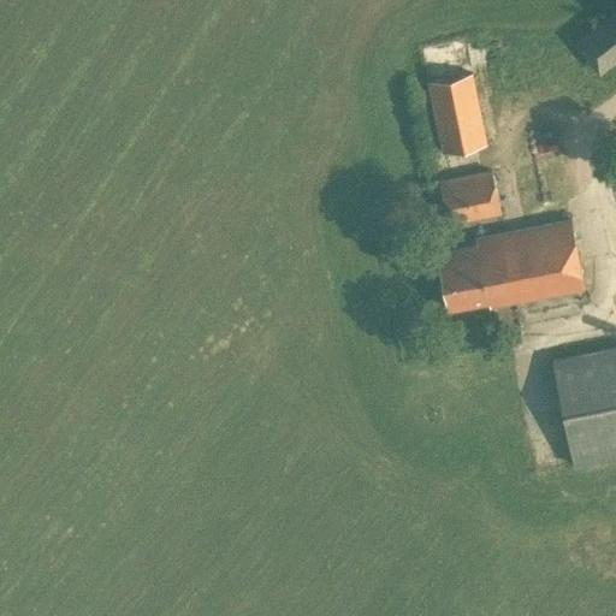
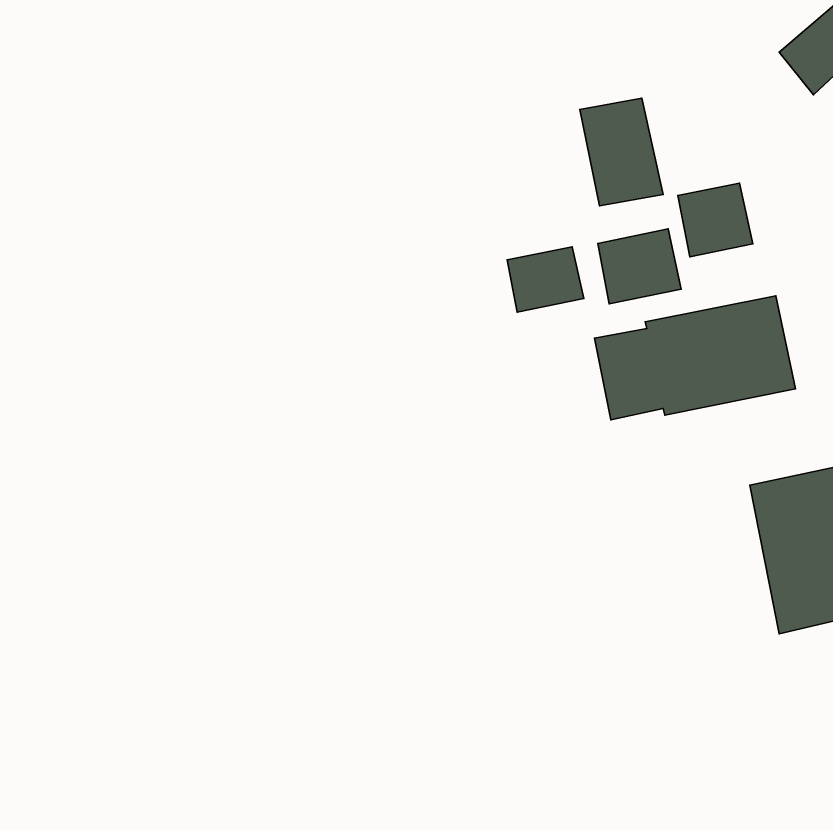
building: none -> [678,183,753,257]
building: none -> [507,247,584,312]

